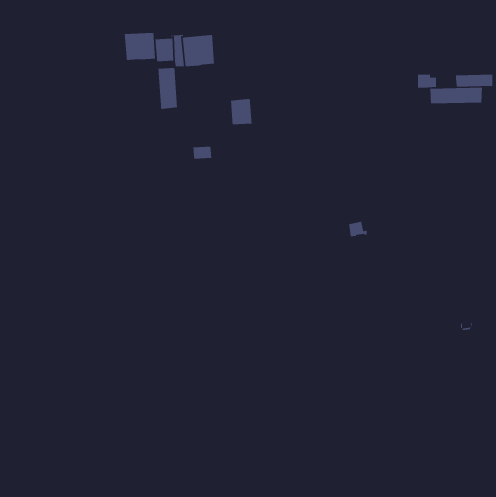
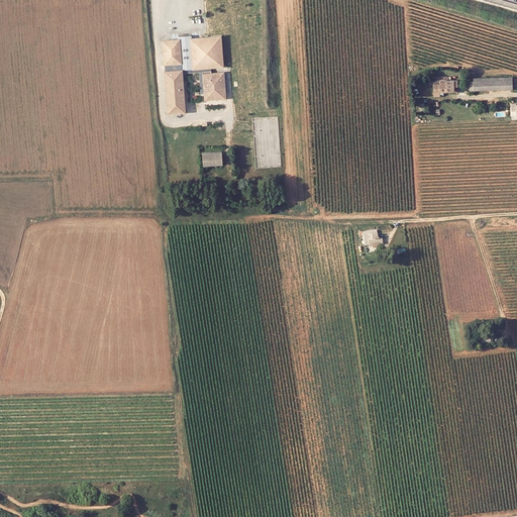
building: [124,32,156,61] -> none
building: [429,87,483,104] -> none
building: [230,98,252,125] -> [202,72,225,100]

